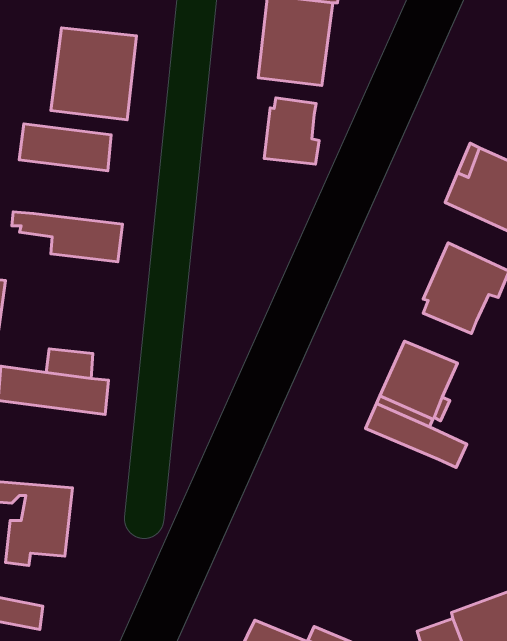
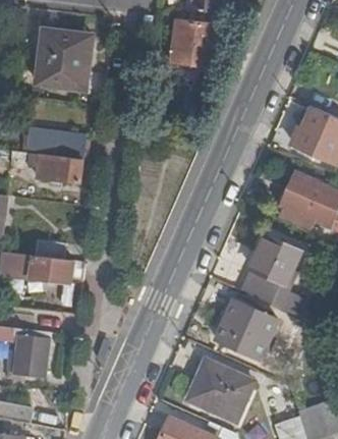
building: [264,98,319,164] -> none
building: [19,124,111,171] -> [24,127,84,158]
building: none -> [214,298,279,360]
building: none -> [186,360,255,421]

